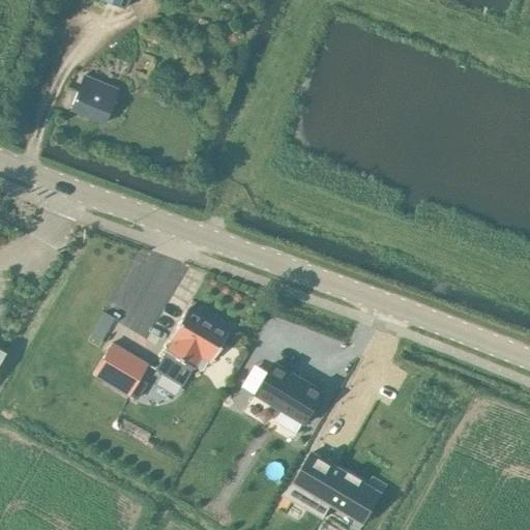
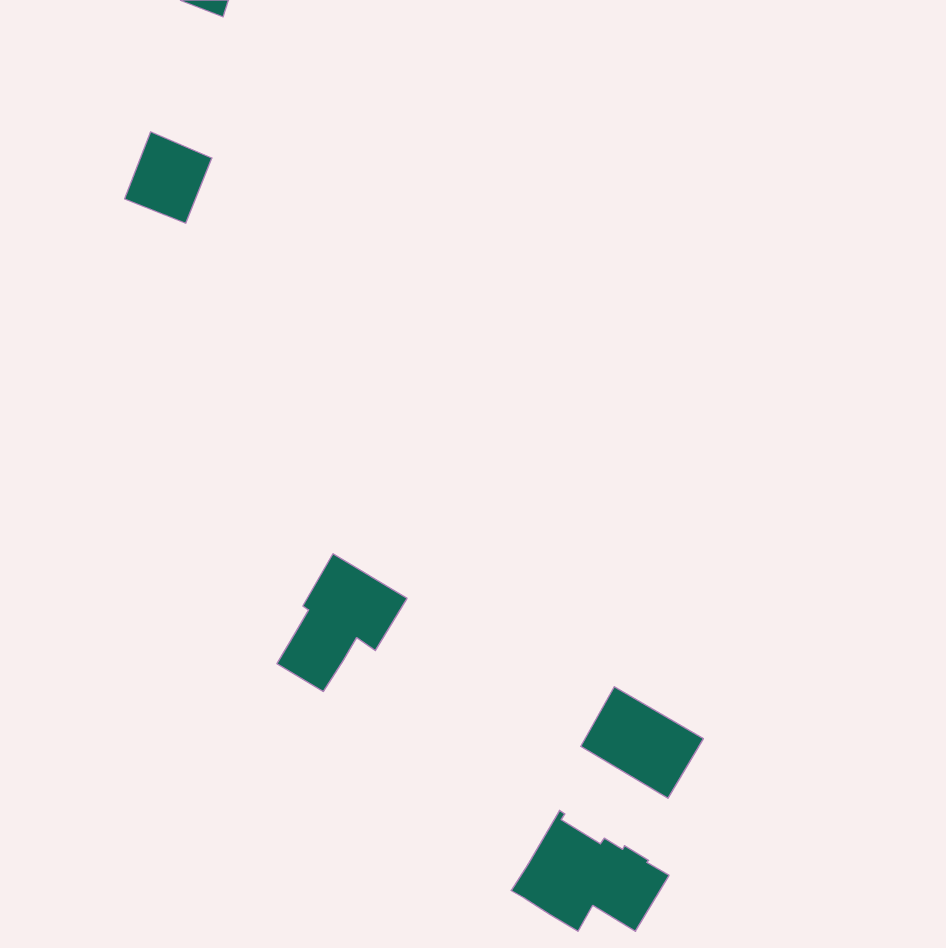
building: [93,344,148,396] -> none
building: [258,363,326,425] -> [581,687,703,798]

